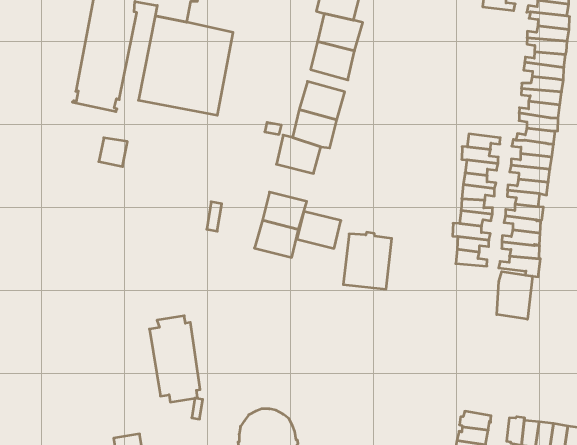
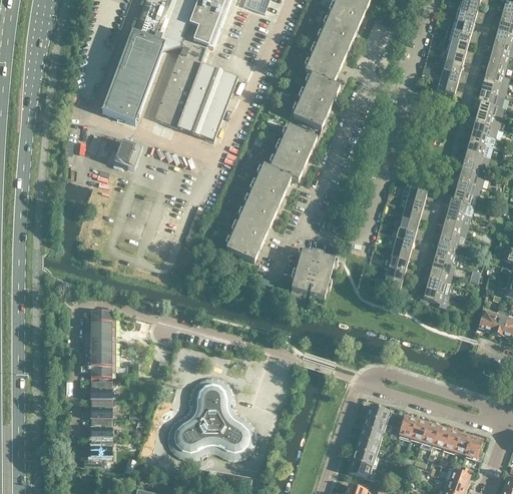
building: [297,211,341,248] -> [244,185,282,218]
building: [497,272,532,319] -> none
building: [149,316,200,402] -> [82,311,115,377]

